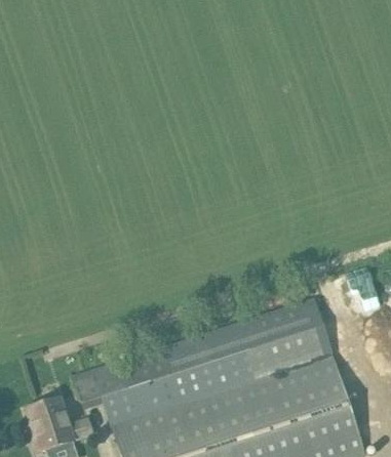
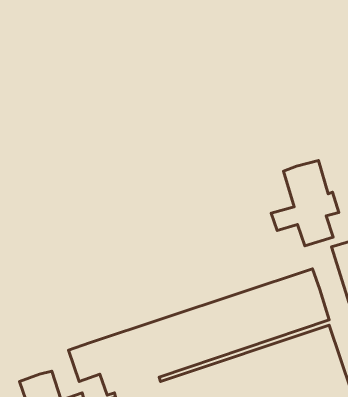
building: none -> [271,160,339,246]

